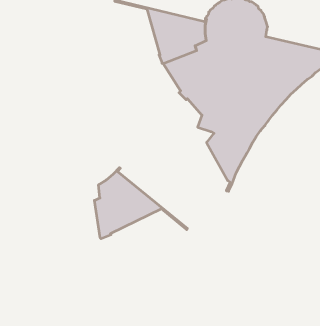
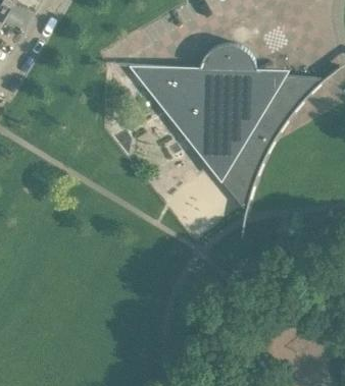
building: [94,168,187,239] -> none

